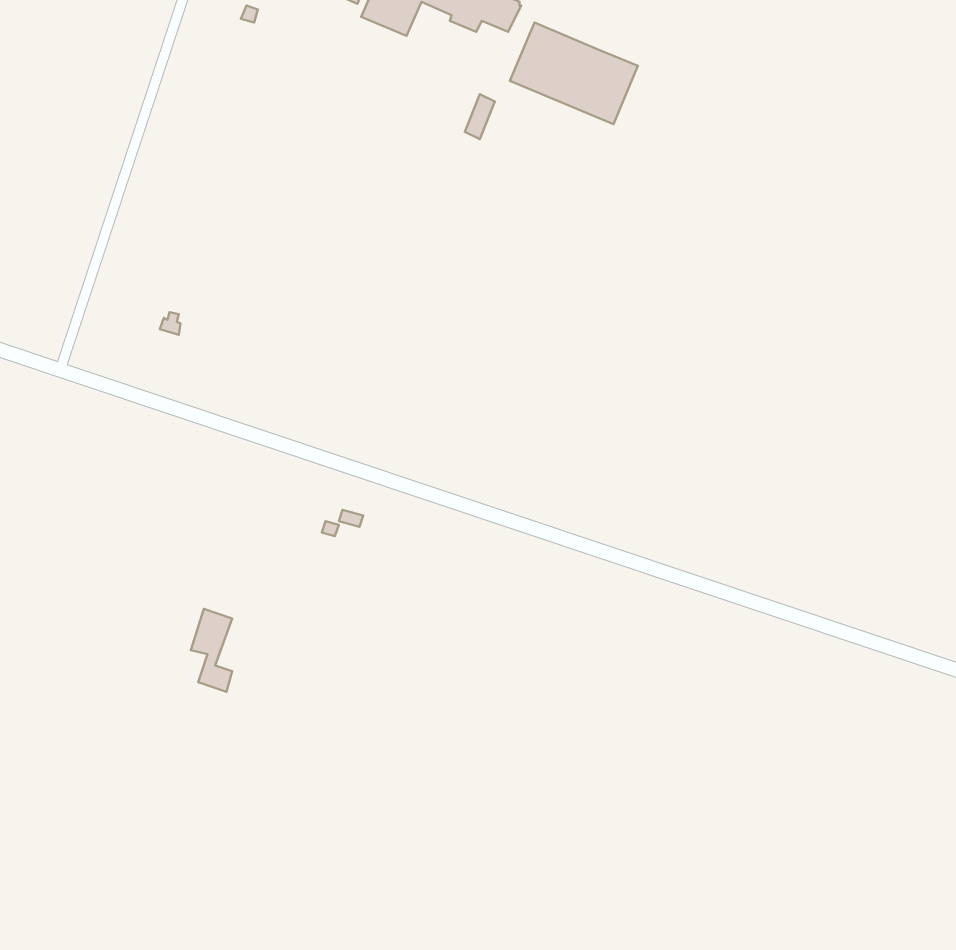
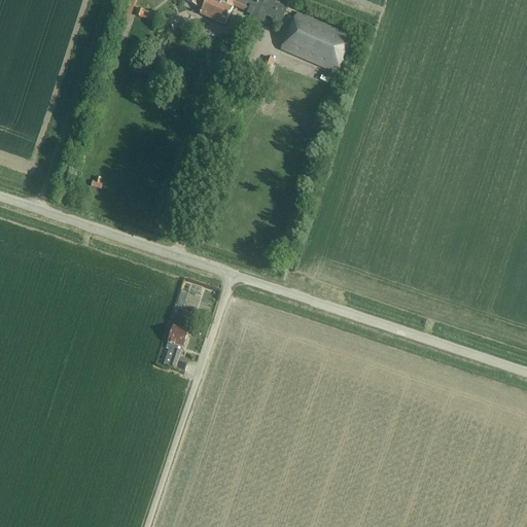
building: [191,609,232,692] -> [163,320,185,365]

